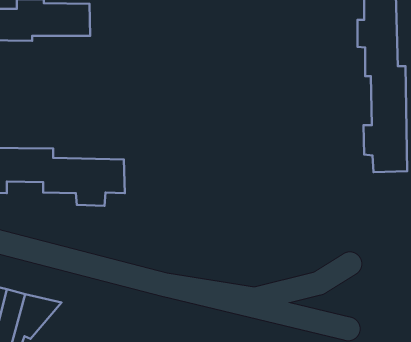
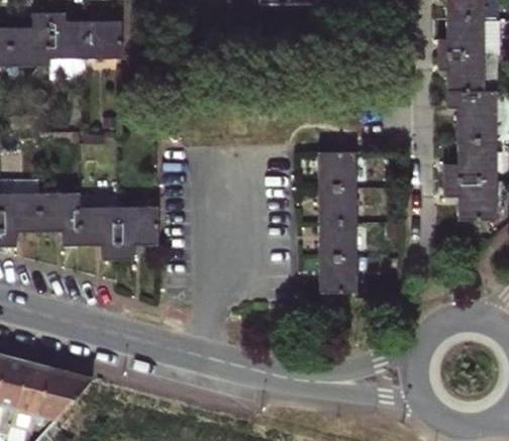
building: none -> [319,151,359,293]

